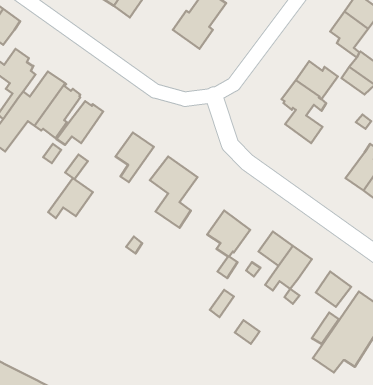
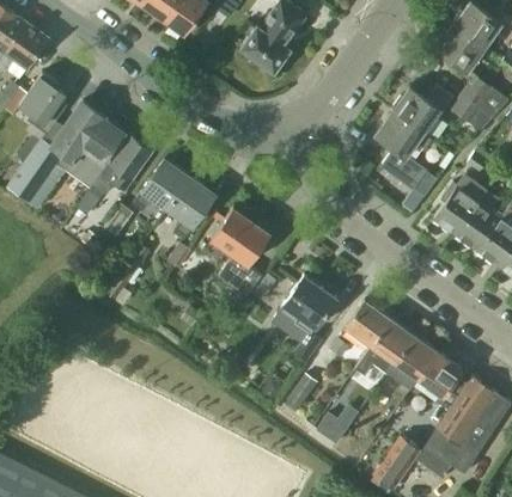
building: none -> [433,176,480,235]
building: [48,178,93,218] -> [133,160,189,210]
building: none -> [396,337,437,379]
building: none -> [373,437,420,490]

